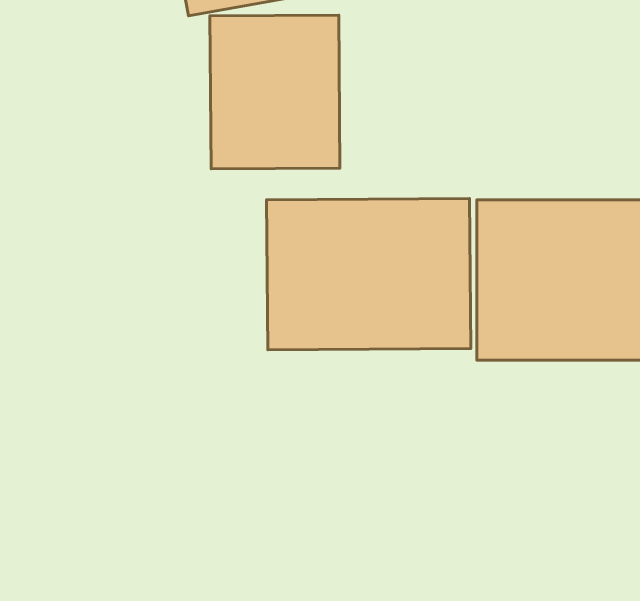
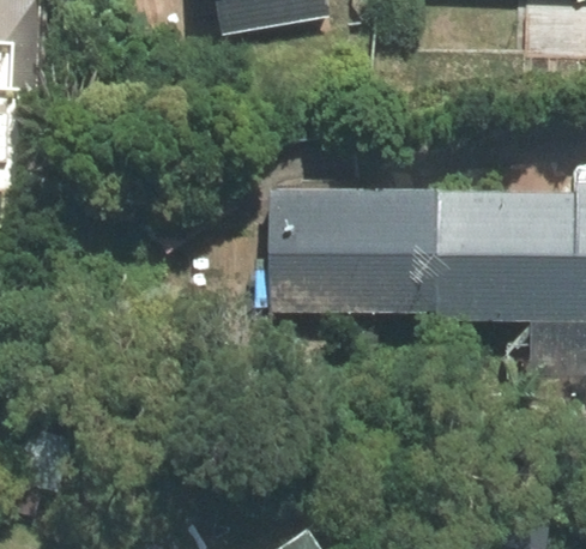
building: [210,15,340,169] -> none

